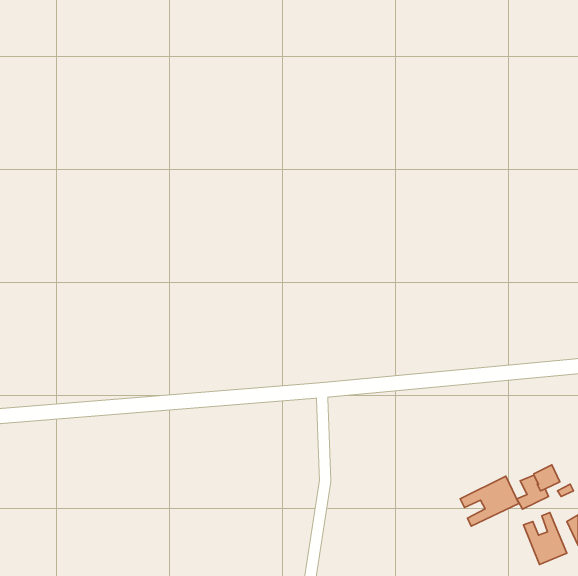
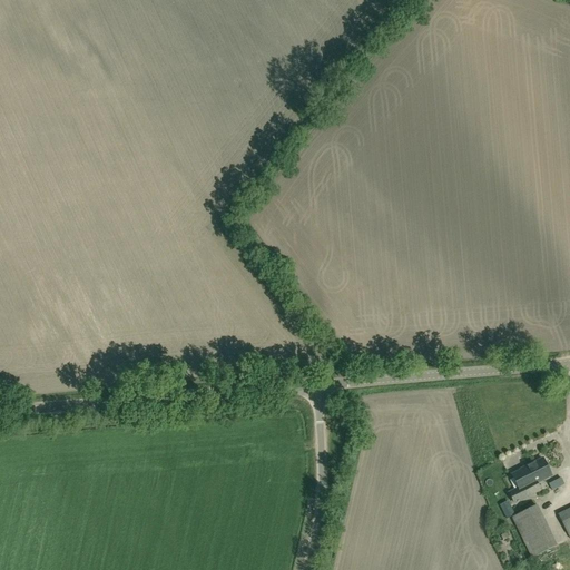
building: [460,476,519,526] -> none

